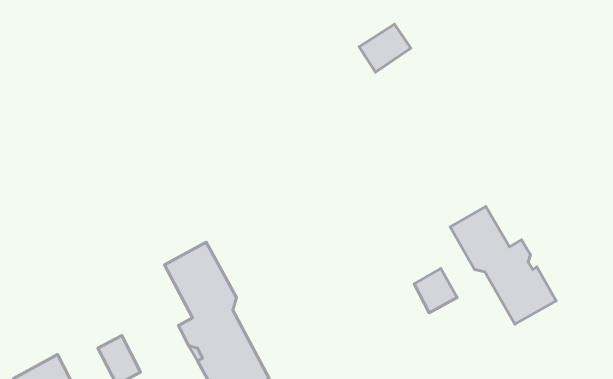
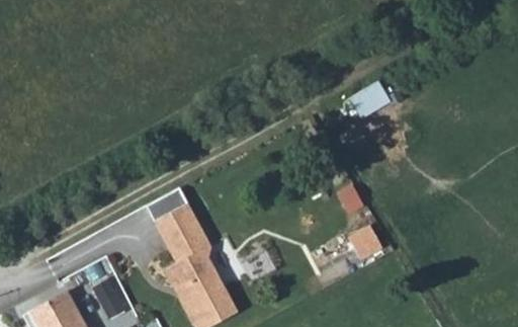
building: [359,24,411,72] -> [353,78,395,116]
building: [450,207,556,324] -> none

